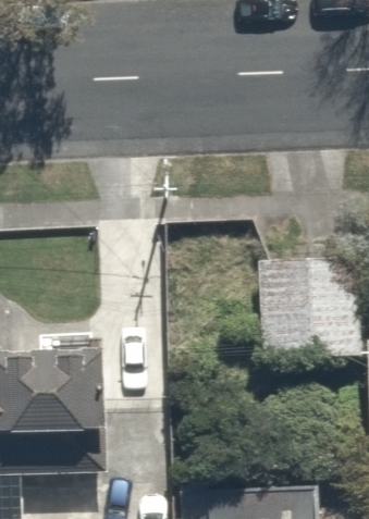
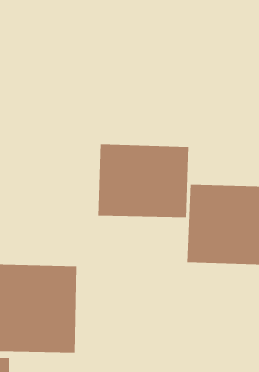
building: none -> [98,143,189,218]

